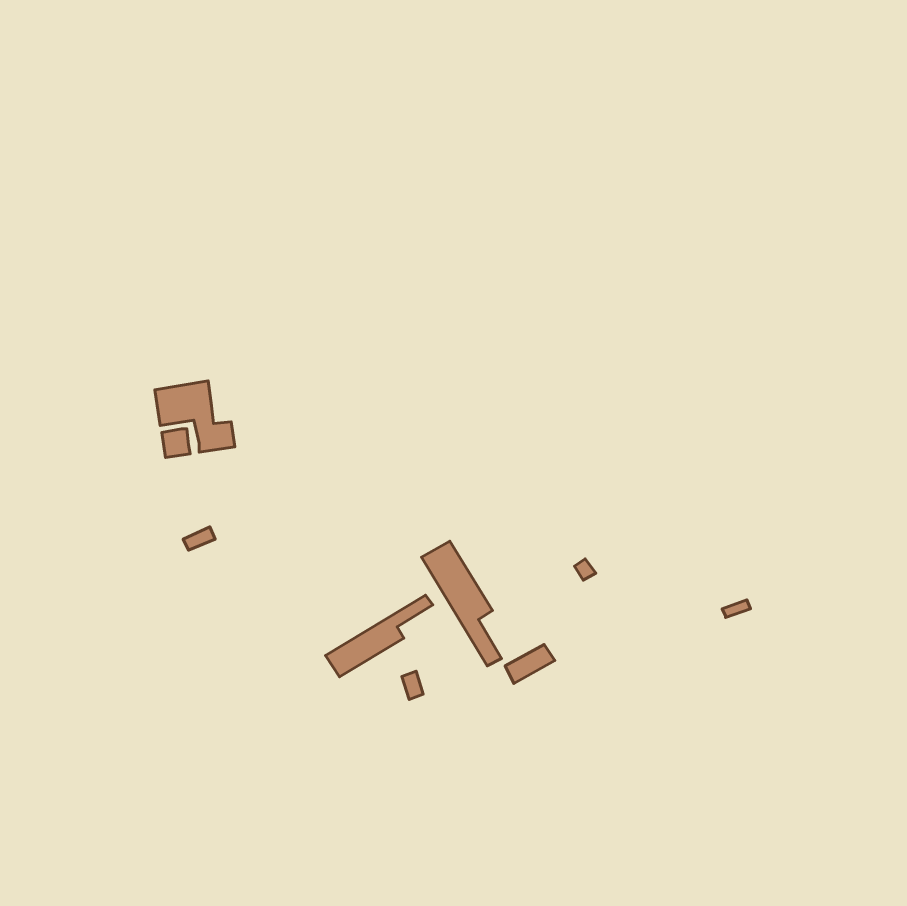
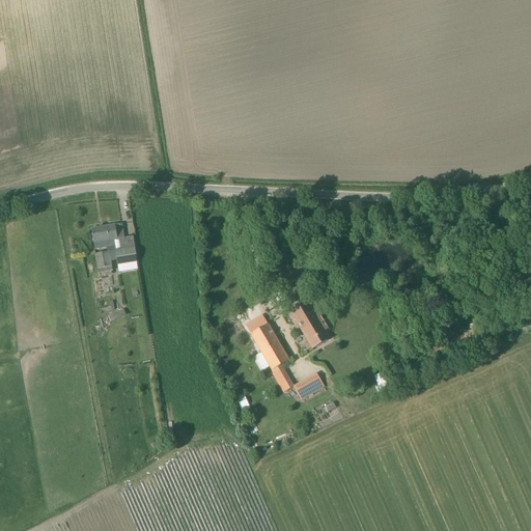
building: none -> [289,300,329,347]
building: [326,595,433,677] -> none

